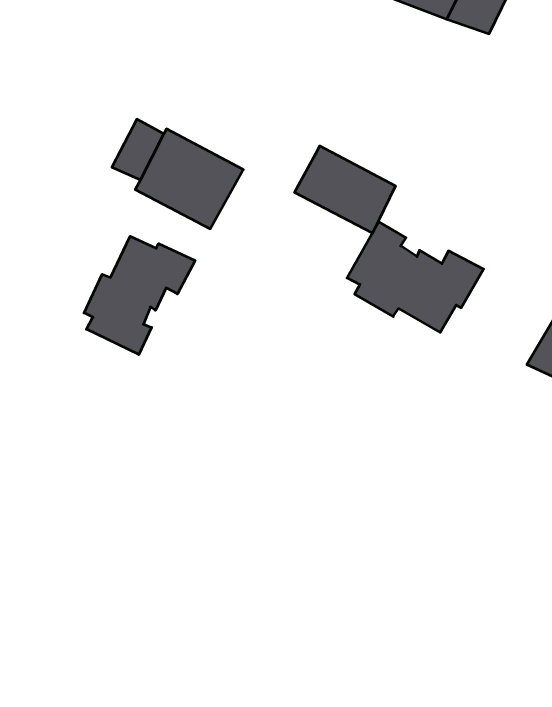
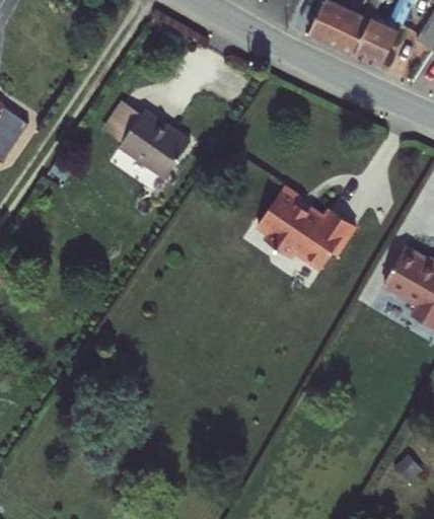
building: [295,146,395,233] -> none
building: [84,236,195,355] -> none

